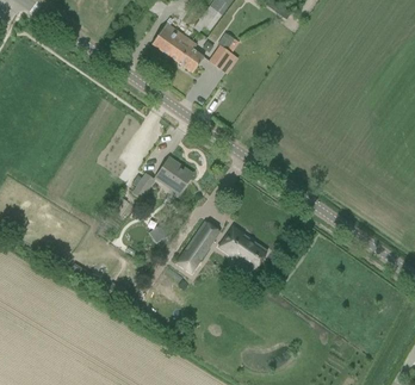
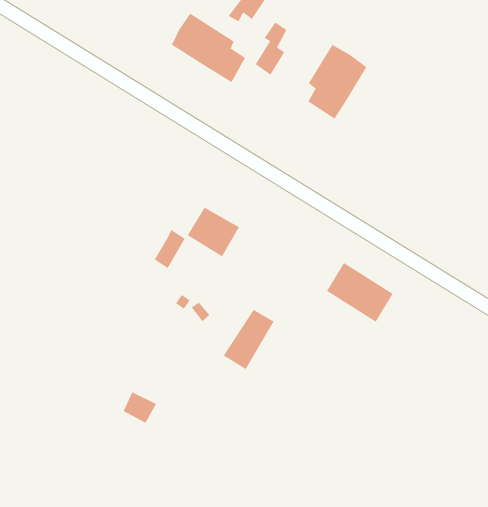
building: none -> [308,44,367,120]
building: [219,226,266,269] -> [326,262,393,322]

